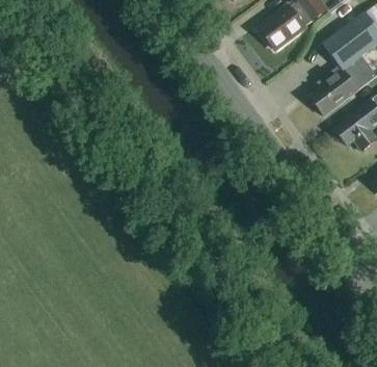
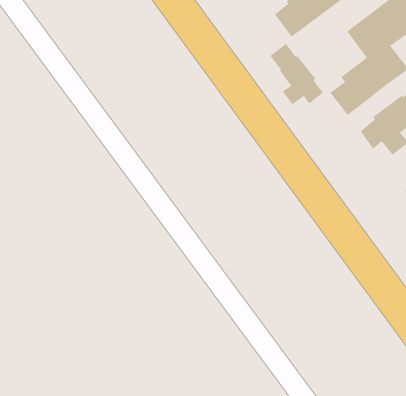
building: none -> [270,43,323,105]

